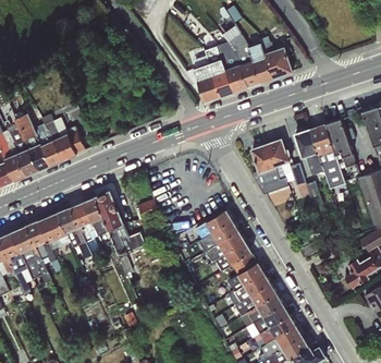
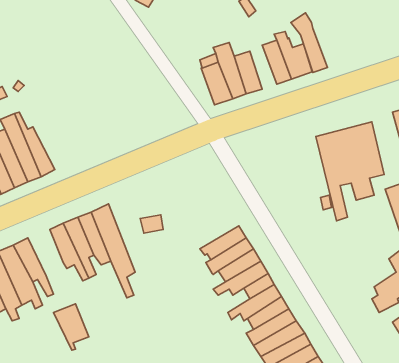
building: [226,35,259,88] -> [291,13,327,73]
building: [39,114,84,160] -> none
building: [249,137,291,193] -> none
building: [37,214,69,255] -> [54,304,89,350]

